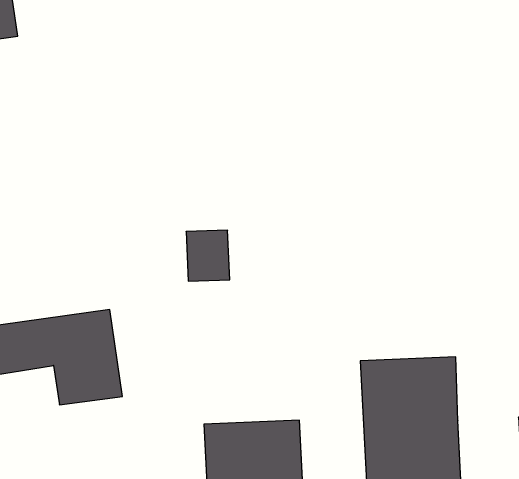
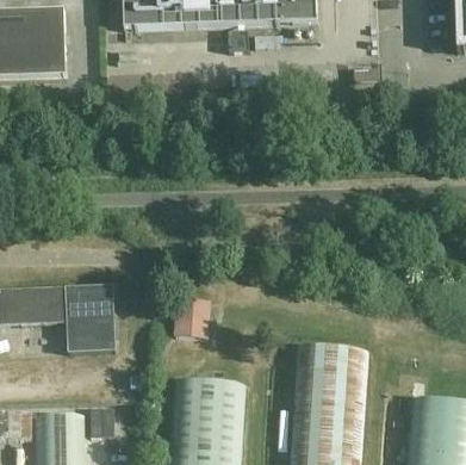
building: [186,230,230,281] -> [176,298,210,337]

